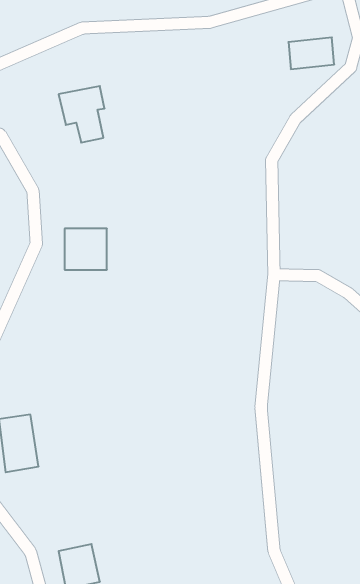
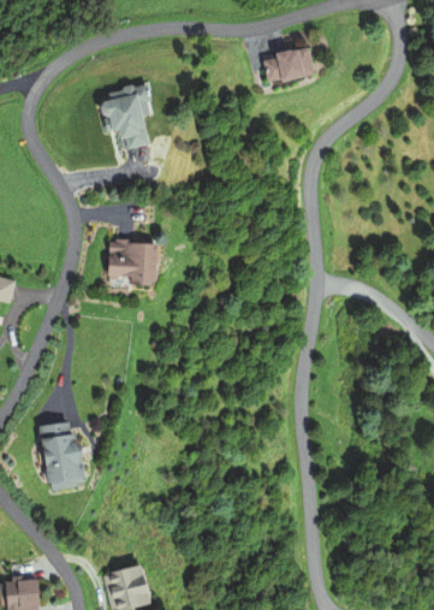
building: [288,37,334,69] -> [262,51,309,83]

